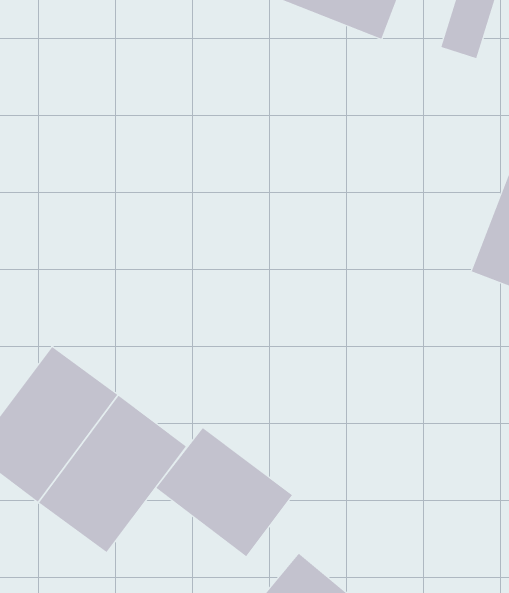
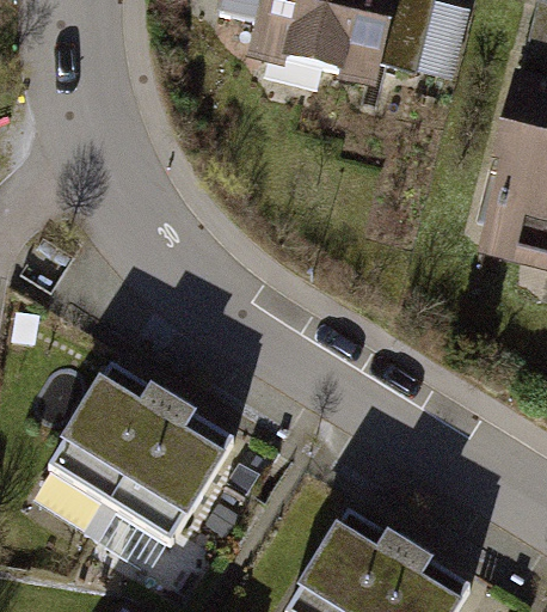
building: [156,427,293,557] -> none

